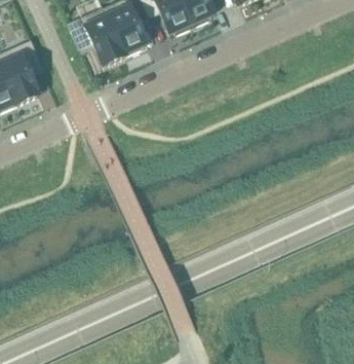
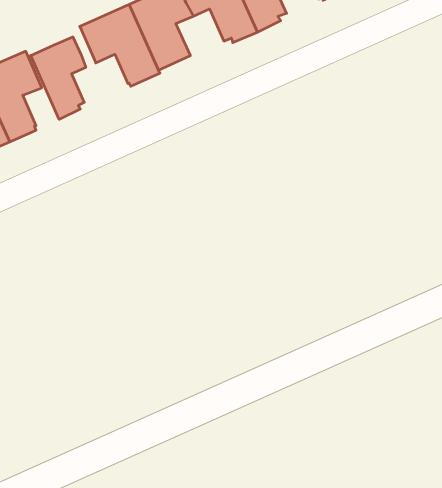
building: none -> [31,37,86,119]

